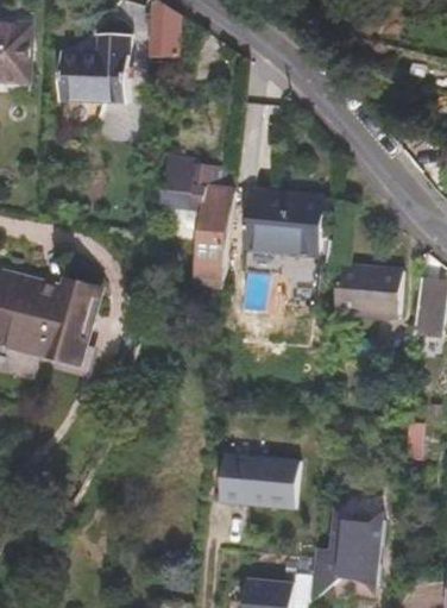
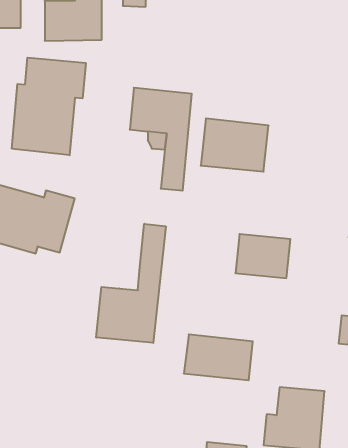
building: none -> [12,58,86,155]
building: [334,265,399,318] -> [235,234,290,278]
building: none -> [96,224,166,343]

